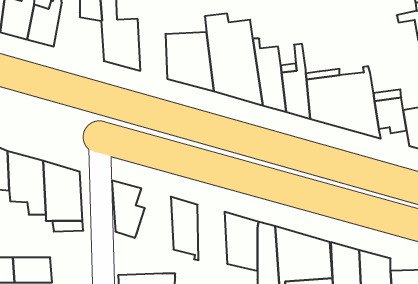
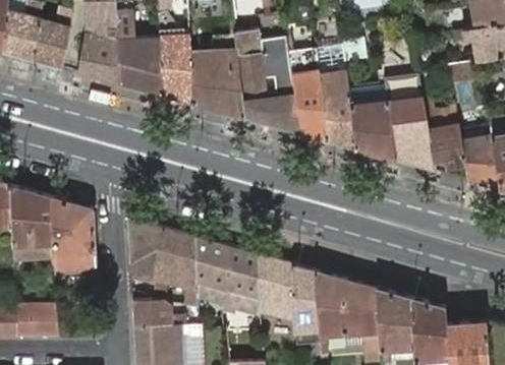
building: none -> [77,33,119,83]
building: none -> [158,35,191,104]
building: none -> [156,229,200,307]
building: none -> [226,247,260,314]
building: none -> [133,302,186,327]

